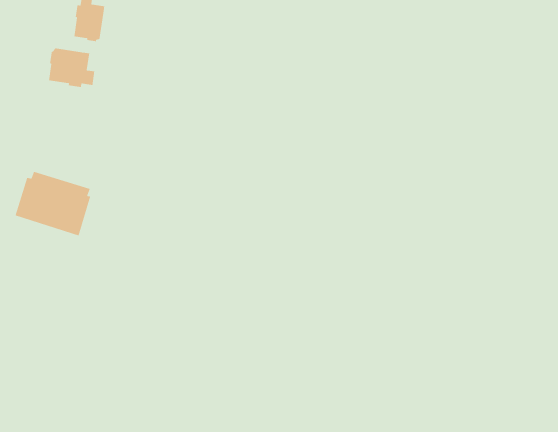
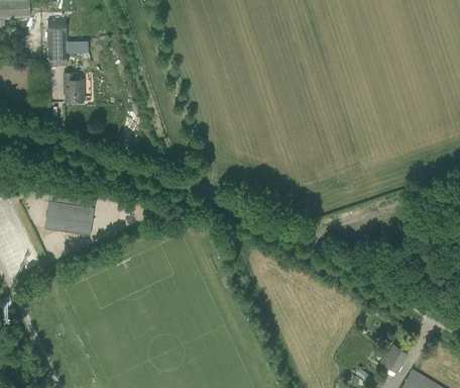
building: [48,47,95,88] -> none

